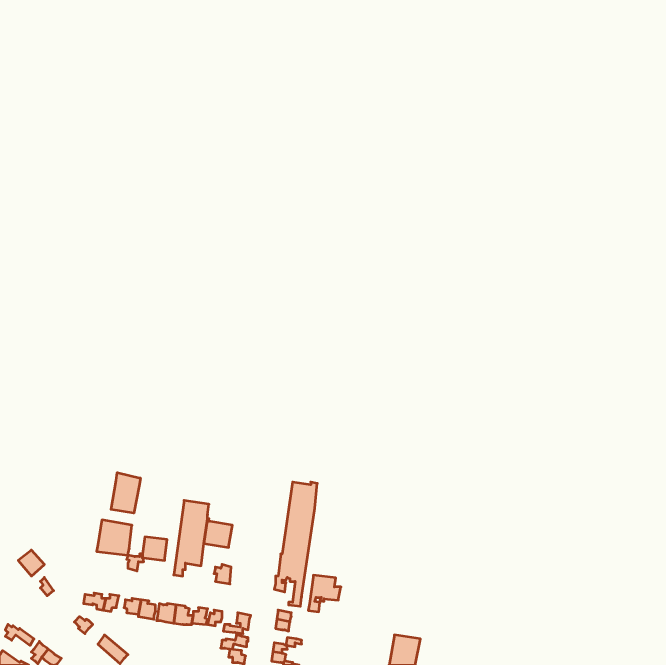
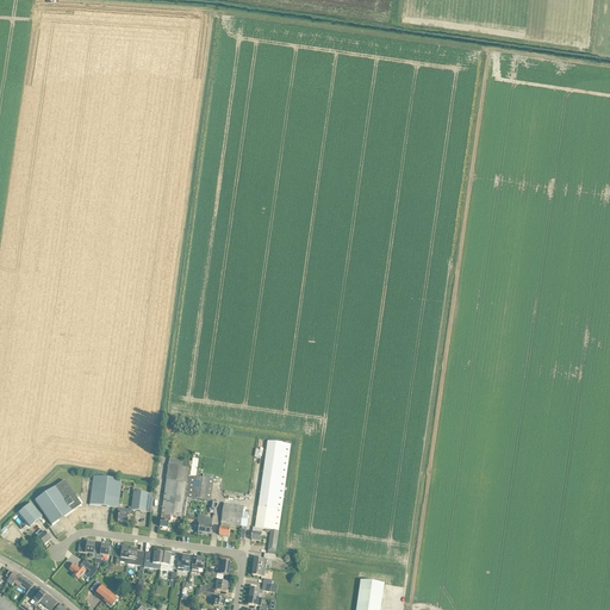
building: [111,473,140,513] -> none
building: none -> [33,478,81,523]
building: [308,575,341,612] -> [218,502,248,535]

